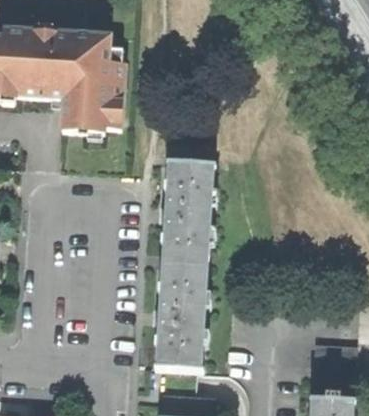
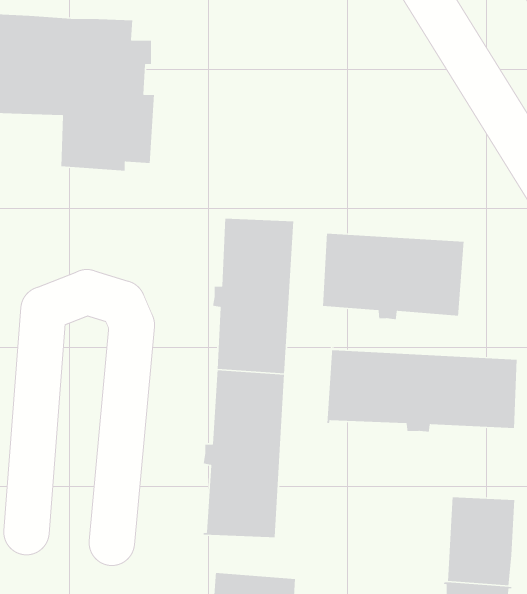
building: none -> [322,233,464,320]
building: none -> [326,348,517,433]

